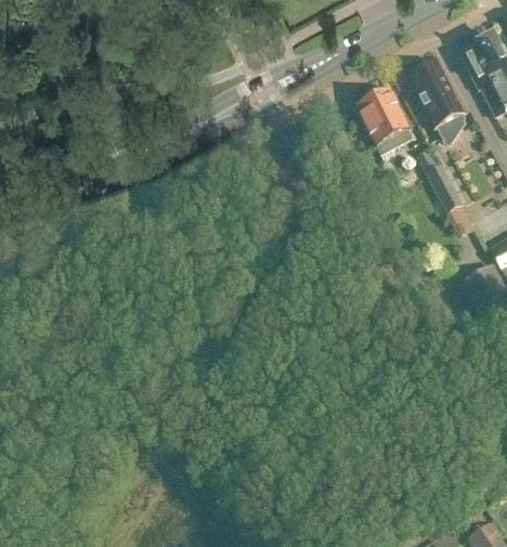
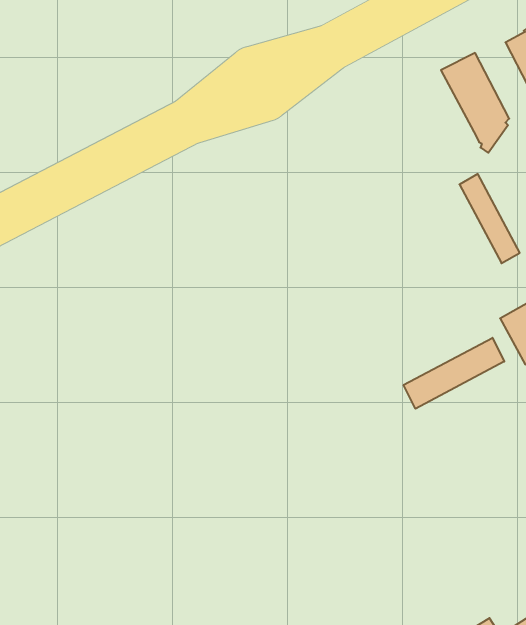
building: [356,90,413,154] -> none
building: none -> [404,338,504,409]

